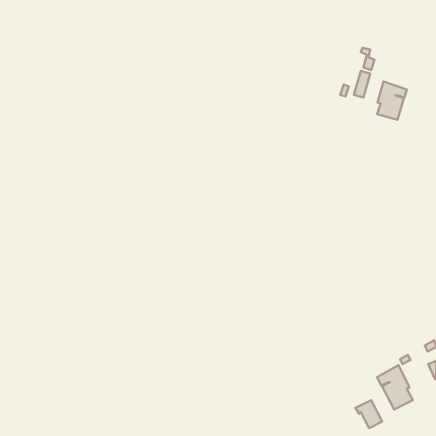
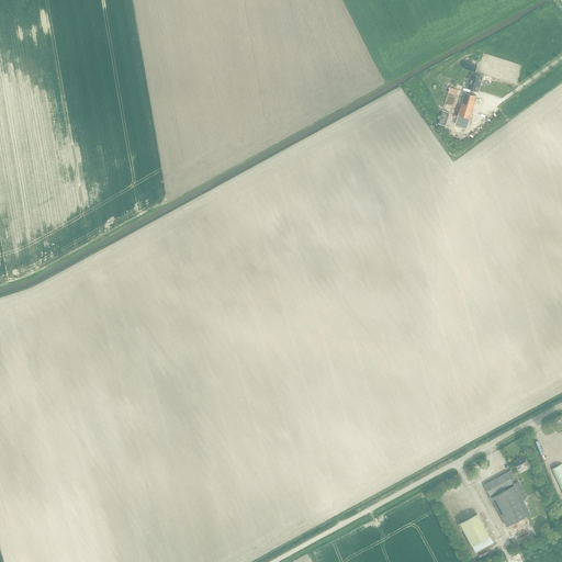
building: [377,82,407,120] -> none

